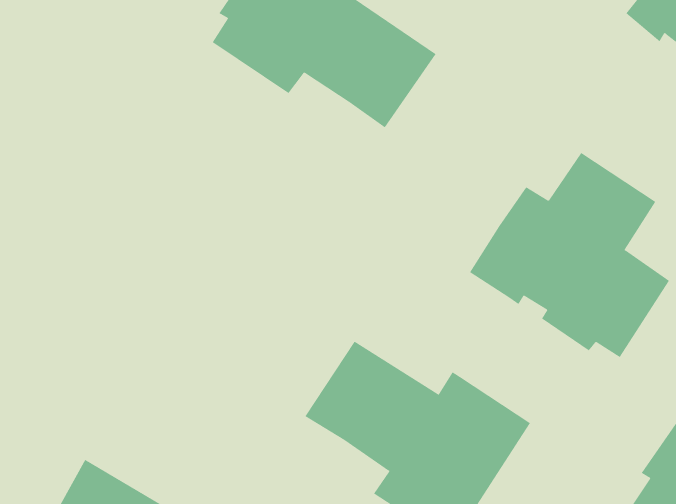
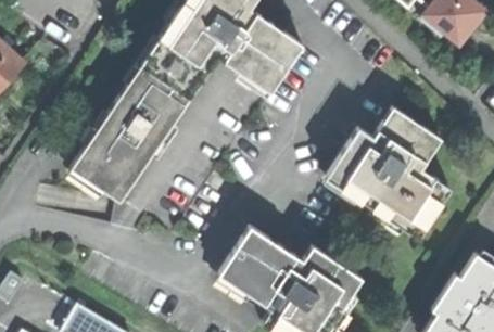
building: none -> [67,37,208,200]

